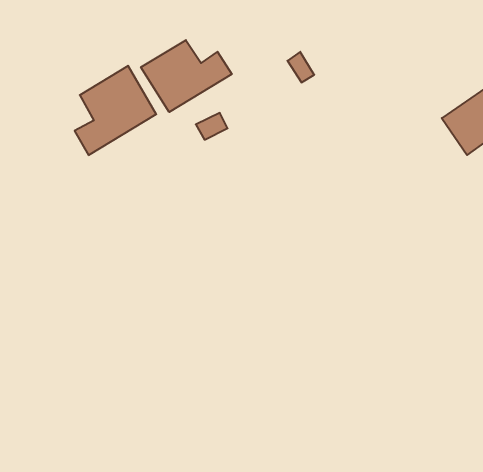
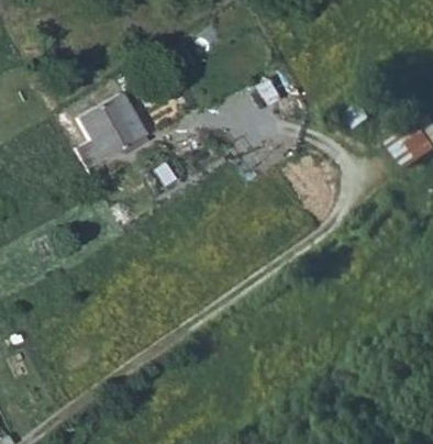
building: [141,40,232,112] -> none

